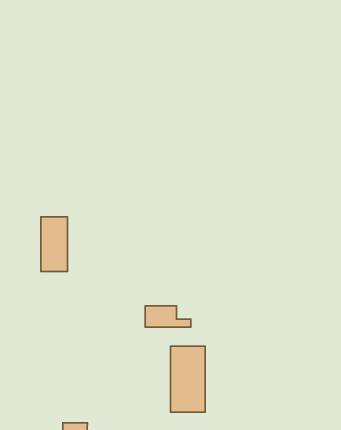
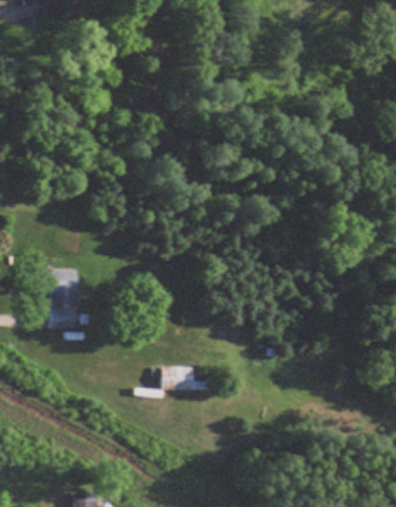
building: [171,346,205,412] -> none

